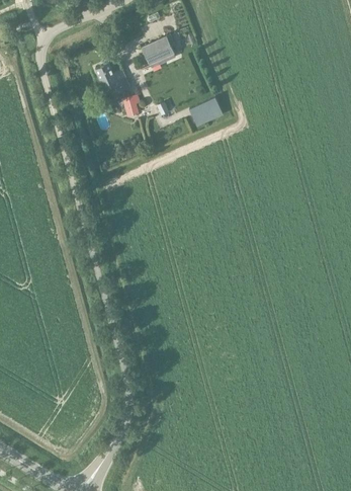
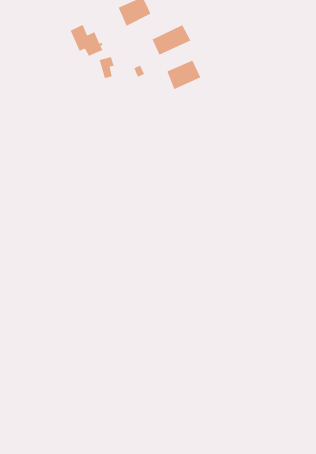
building: none -> [152,25,191,55]

